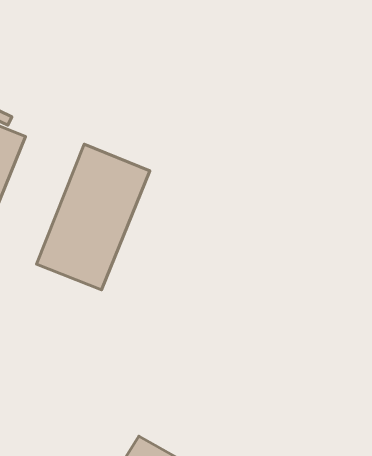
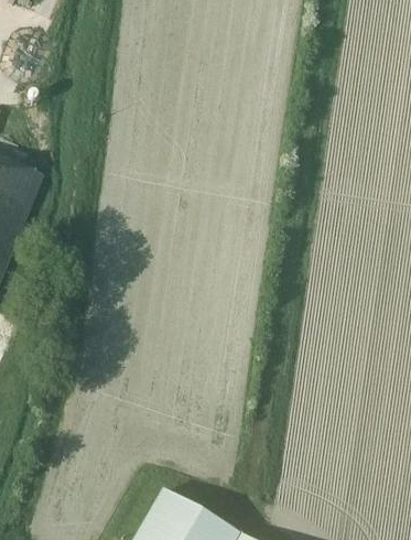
building: [37,144,150,290] -> none

